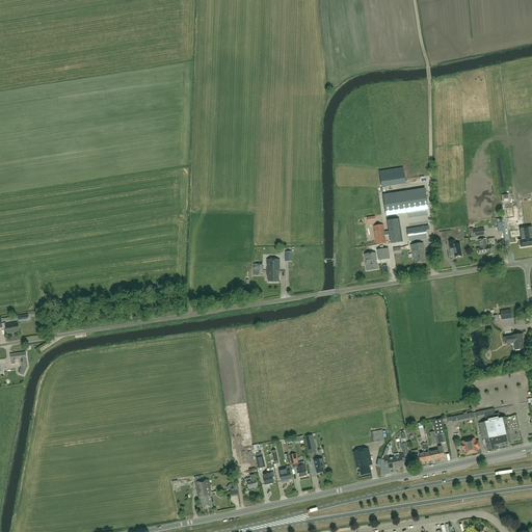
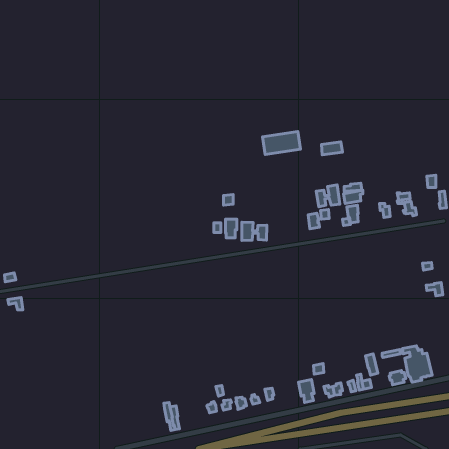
building: [382,188,427,215] -> [263,132,300,155]
building: none -> [242,222,267,240]

